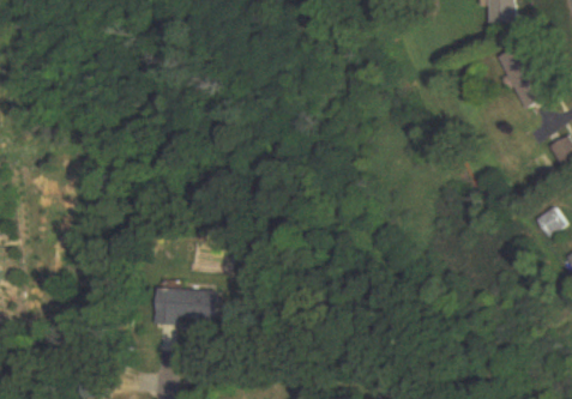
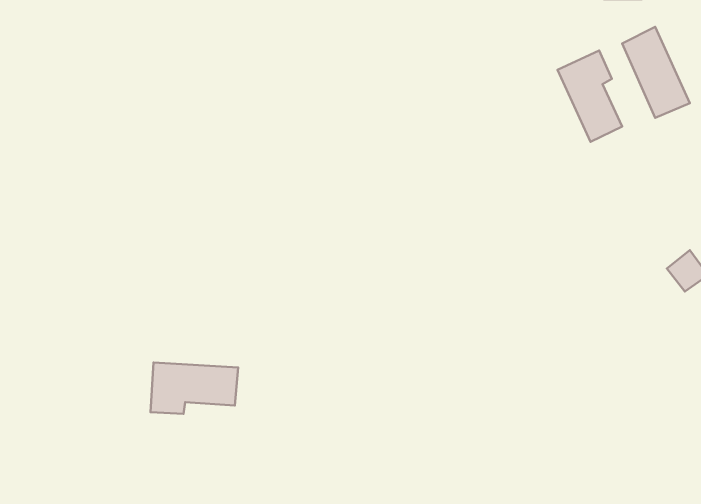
building: none -> [557,50,622,142]

